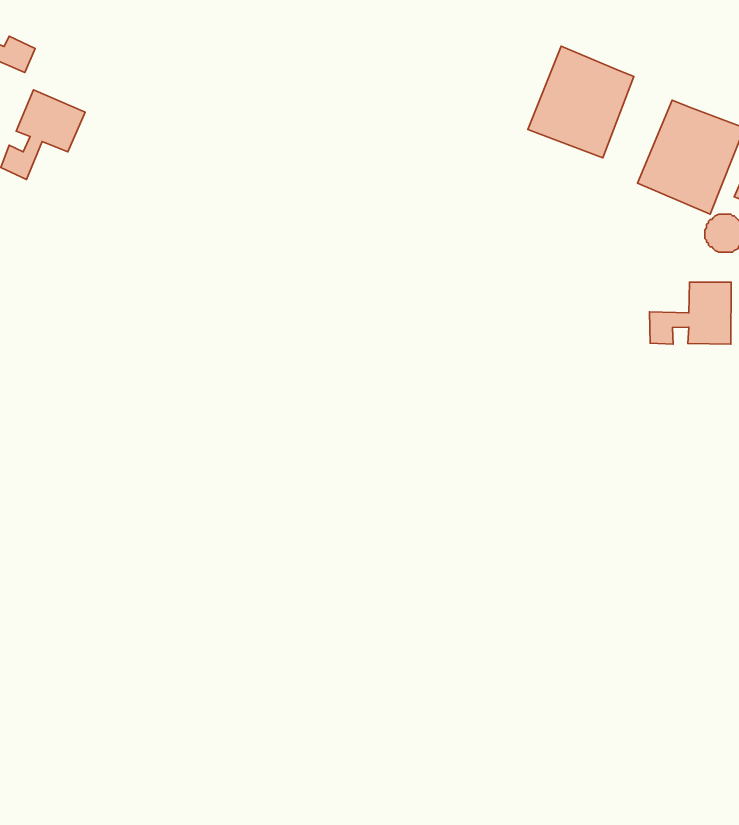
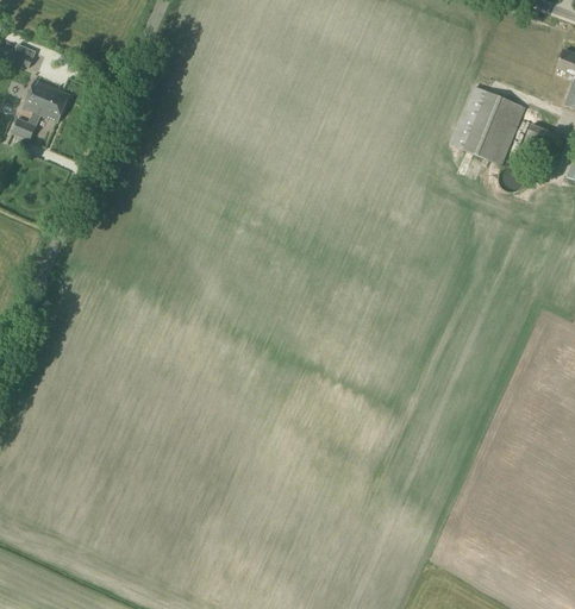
building: [528,46,634,158] -> none
building: [649,282,731,344] -> none

